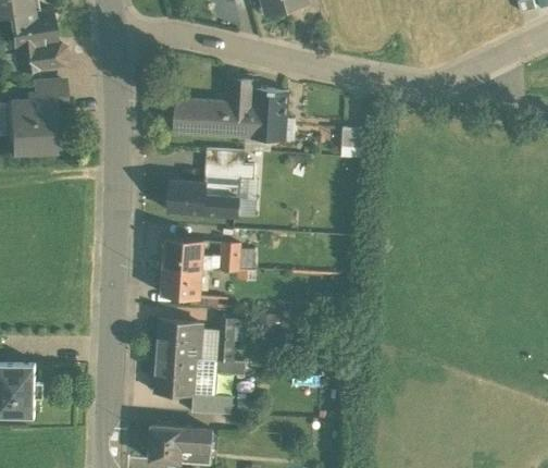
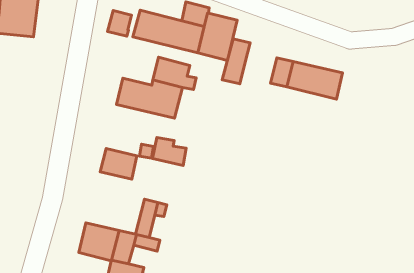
building: none -> [108,11,132,36]
building: none -> [222,39,250,84]
building: none -> [287,62,342,99]
building: [164,238,203,269] -> none
building: [155,321,198,359] -> none

